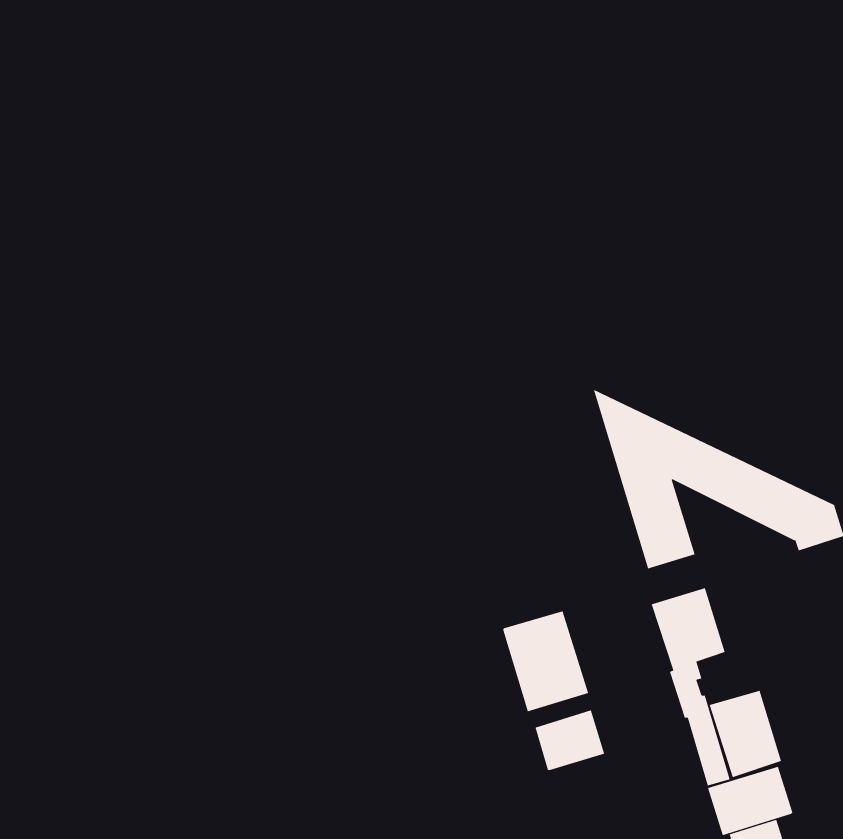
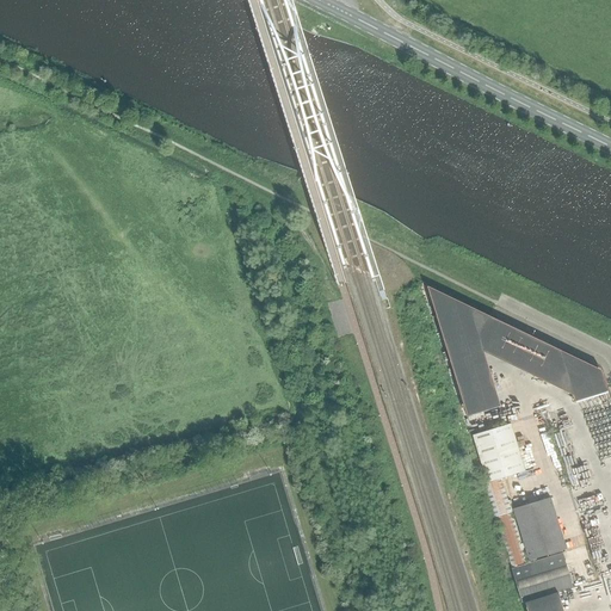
building: [503,610,589,712] -> none
building: [535,710,605,771] -> none

